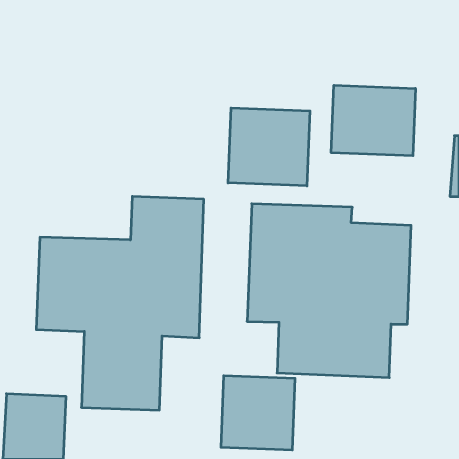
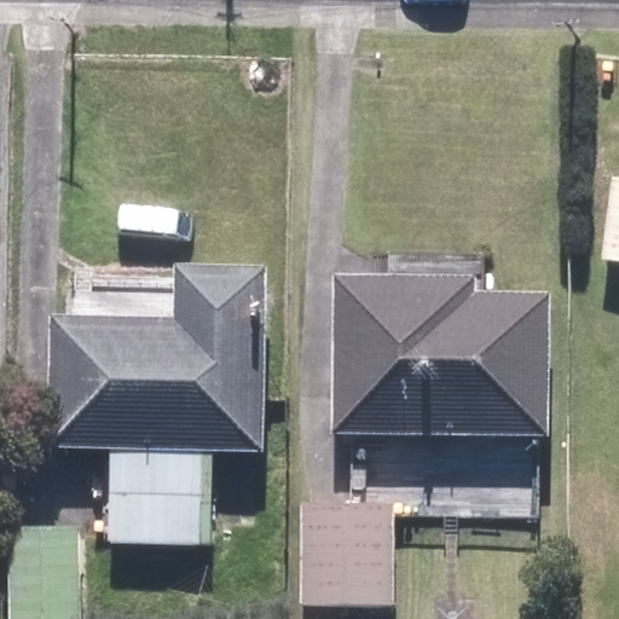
building: [331,85,415,156] -> none
building: [228,108,310,186] -> none

